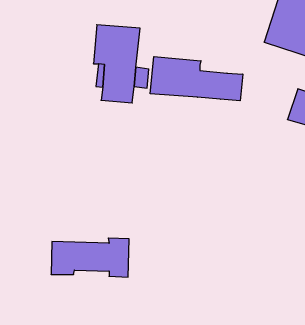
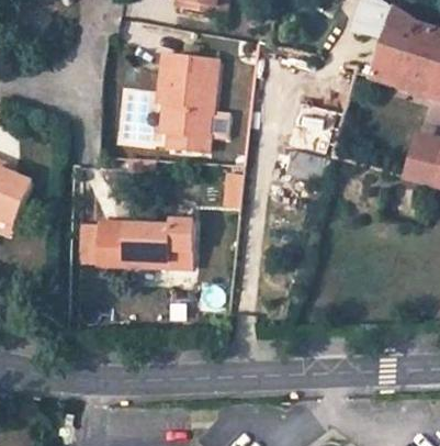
building: [150,57,243,101] -> none
building: [51,238,129,277] -> [94,222,193,271]

